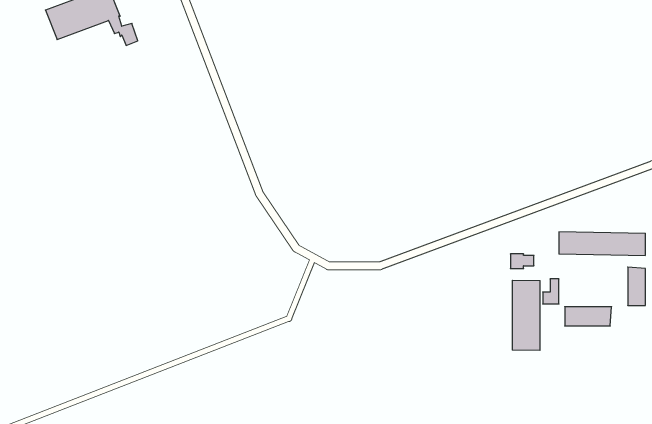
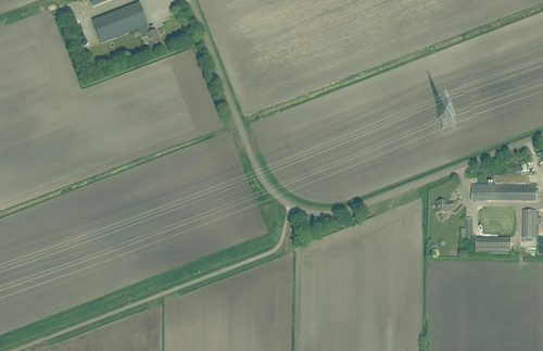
building: [512,280,540,350] -> none

